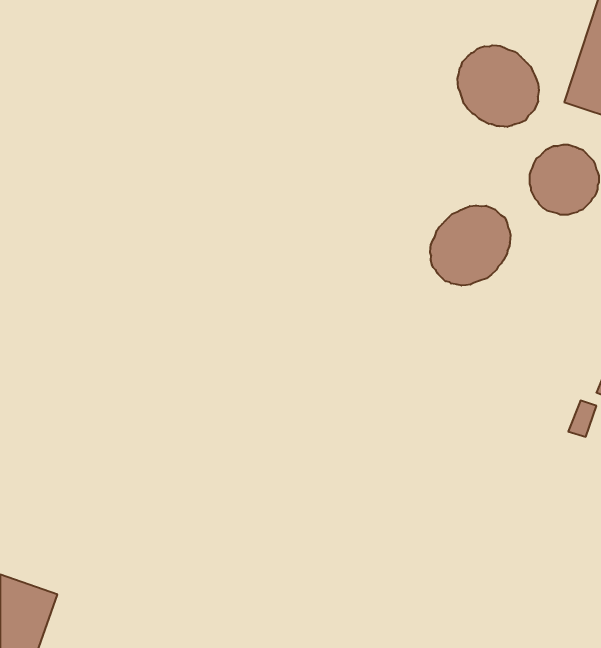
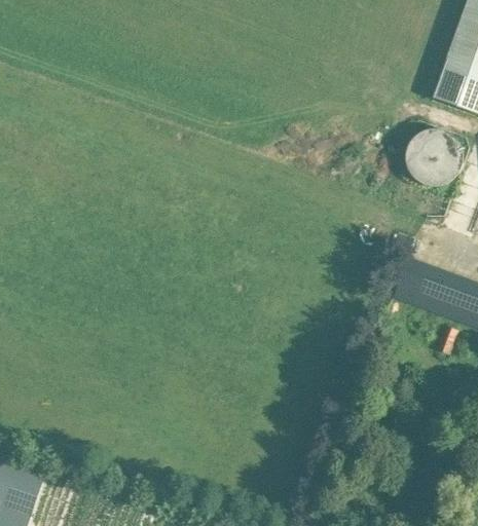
building: [458,45,539,127] -> none
building: [430,205,511,286] -> none

